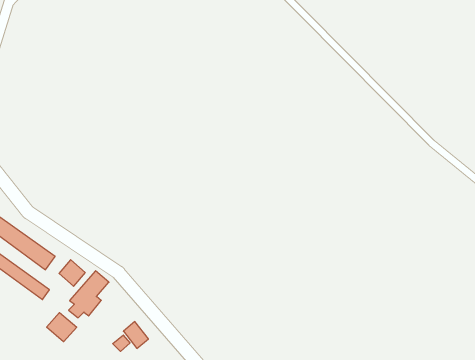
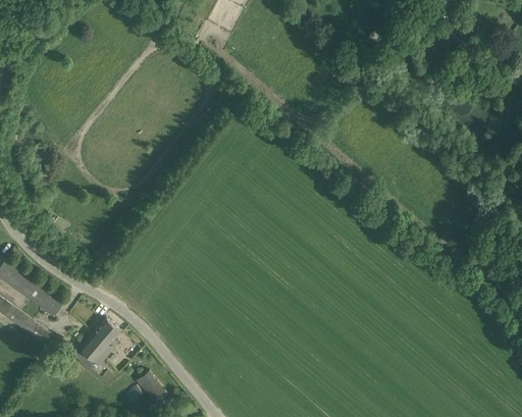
building: [59,260,85,286] -> none
building: [47,313,77,342] -> none

